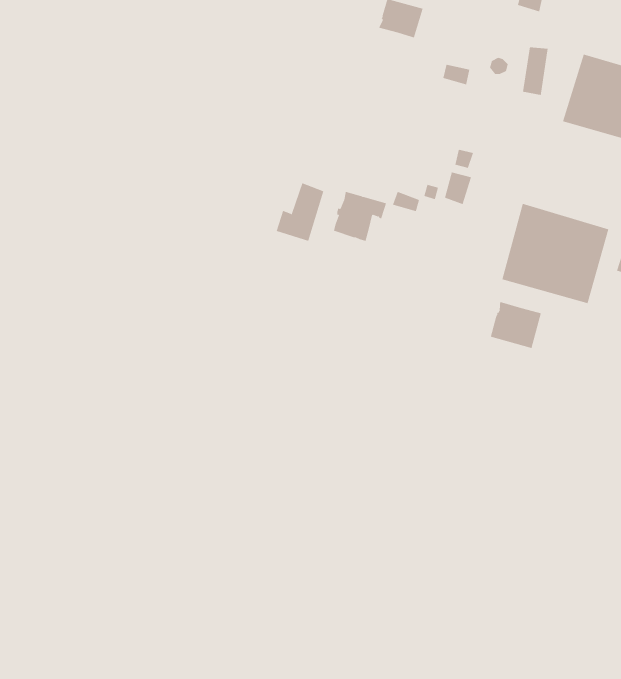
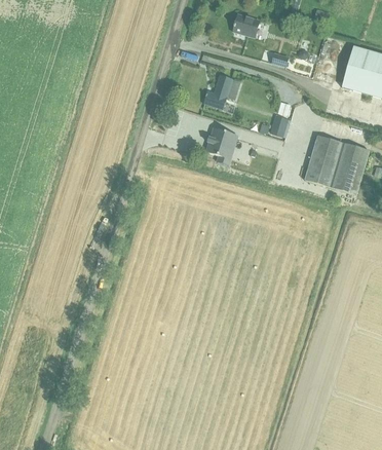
building: [276,182,324,241] -> [203,74,232,109]
building: [490,301,541,349] -> none

